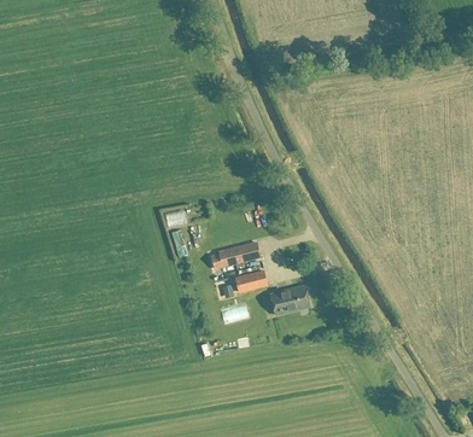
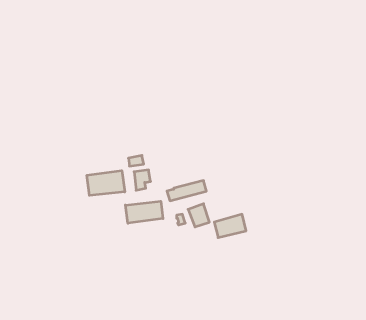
building: none -> [87,171,125,195]
building: none -> [125,201,163,223]

